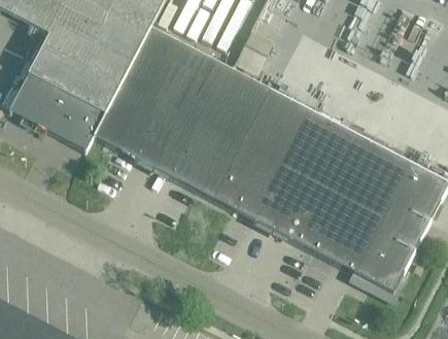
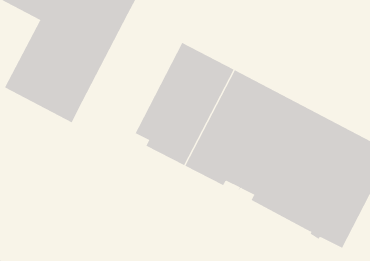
building: [94,26,211,167] -> none

